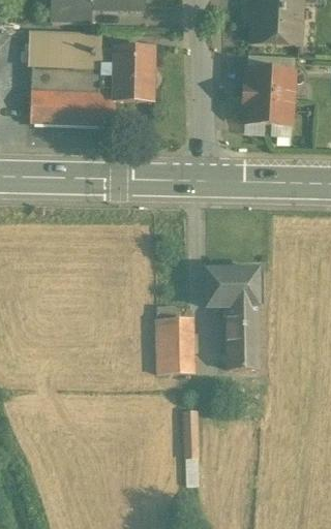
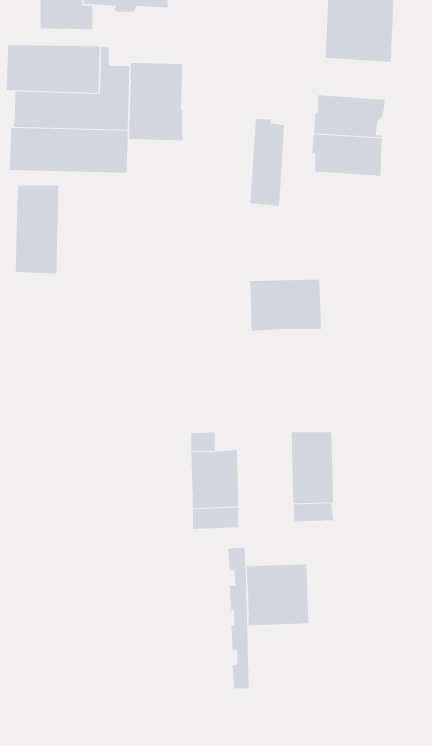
building: none -> [250,118,284,207]
building: none -> [15,185,59,274]
building: [209,268,260,304] -> [249,279,322,331]
building: none -> [246,564,309,626]

